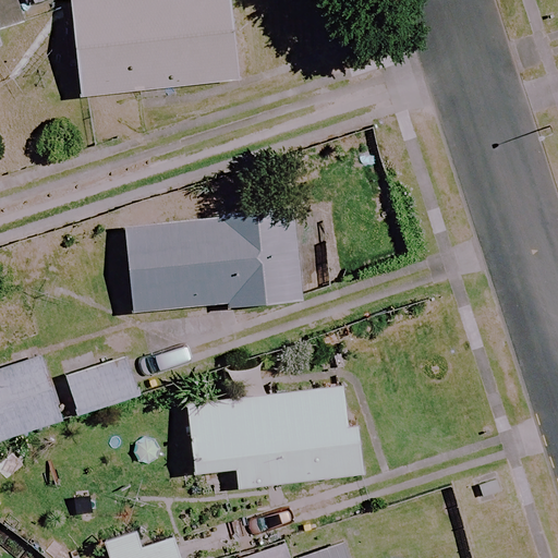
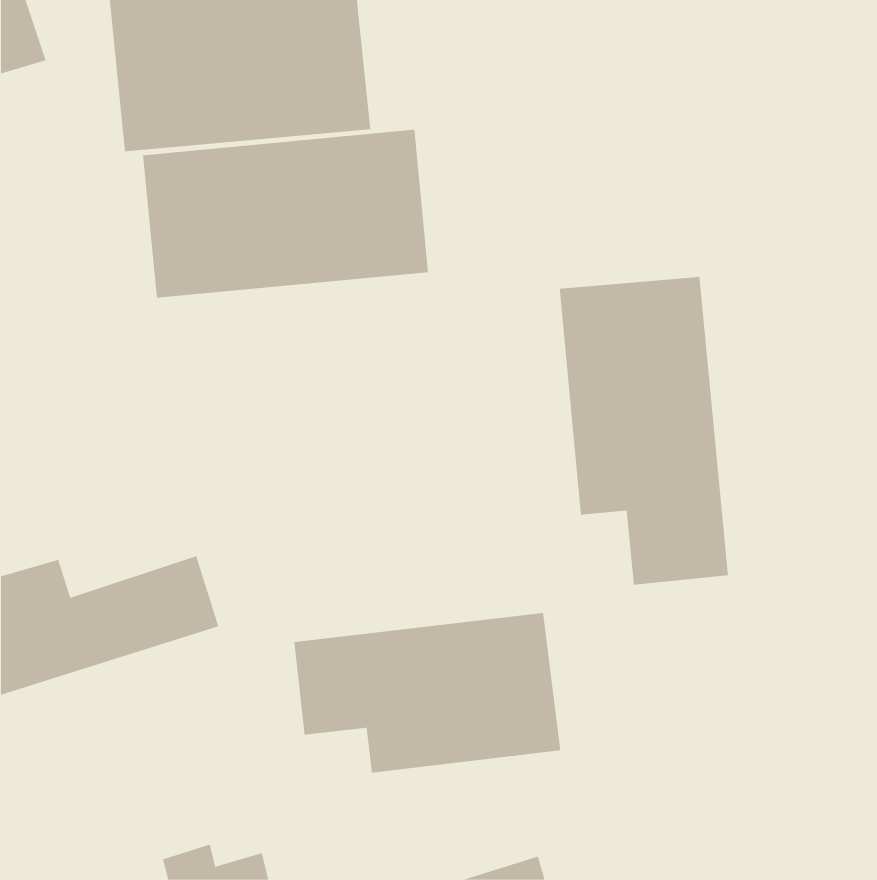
building: none -> [559,276,728,585]
building: [122,208,303,315] -> [142,129,429,298]

